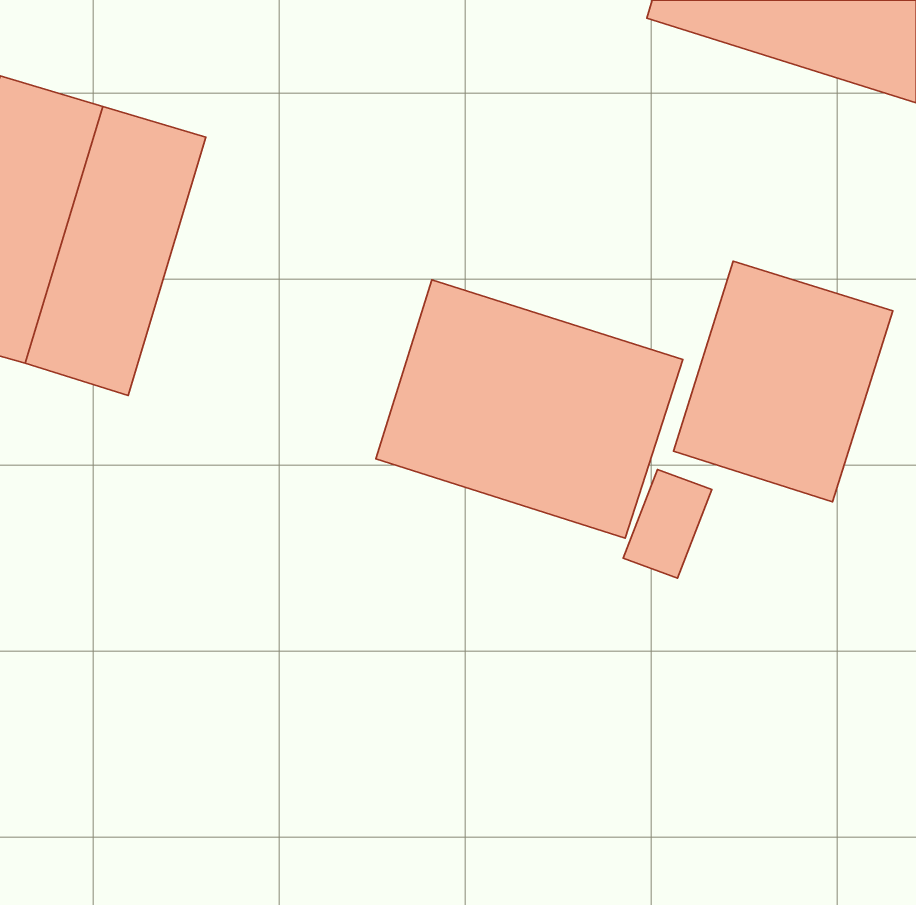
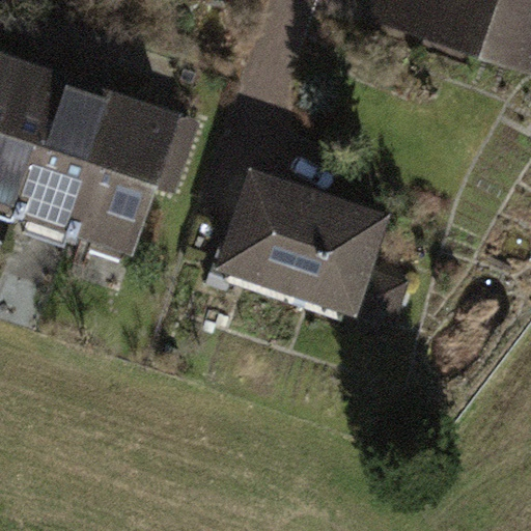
building: none -> [74,89,177,255]
building: [673,261,893,502] -> none

